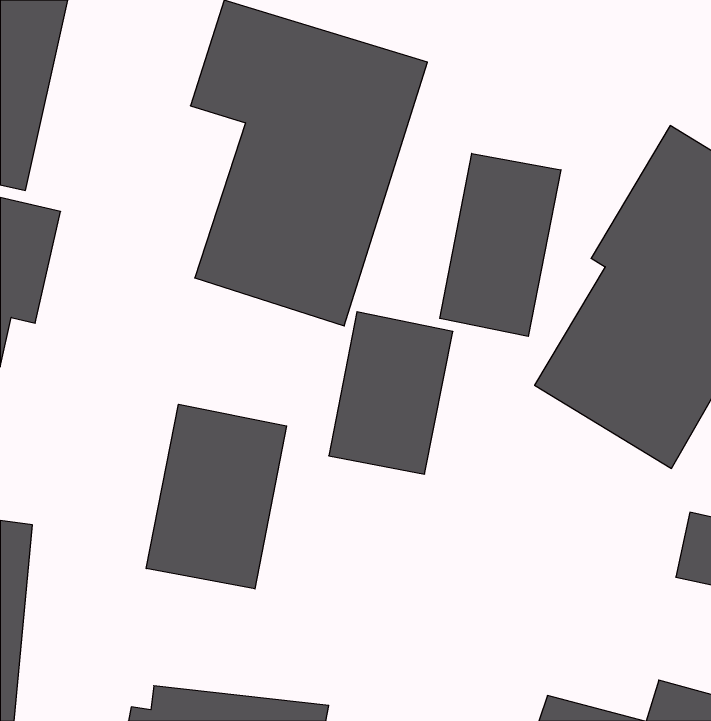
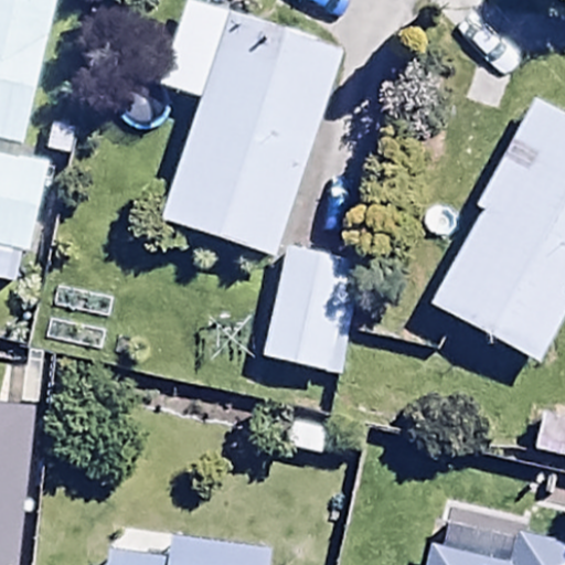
building: [440,153,561,336] -> none
building: [146,404,287,589] -> none

